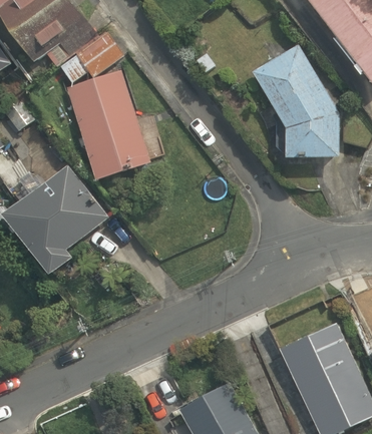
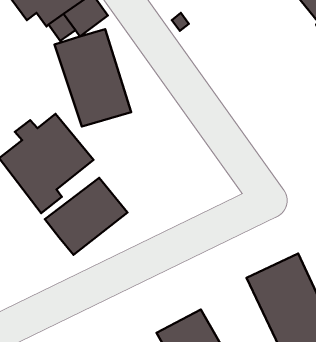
building: [252,44,340,157] -> none
building: none -> [45,178,128,255]

